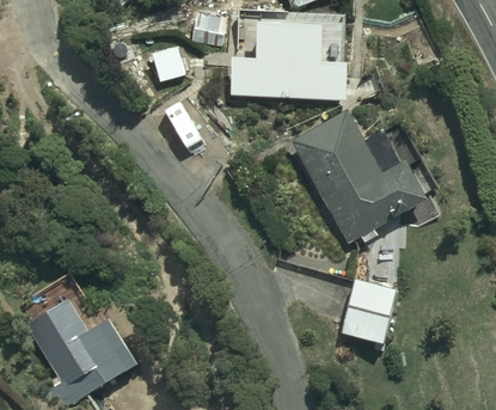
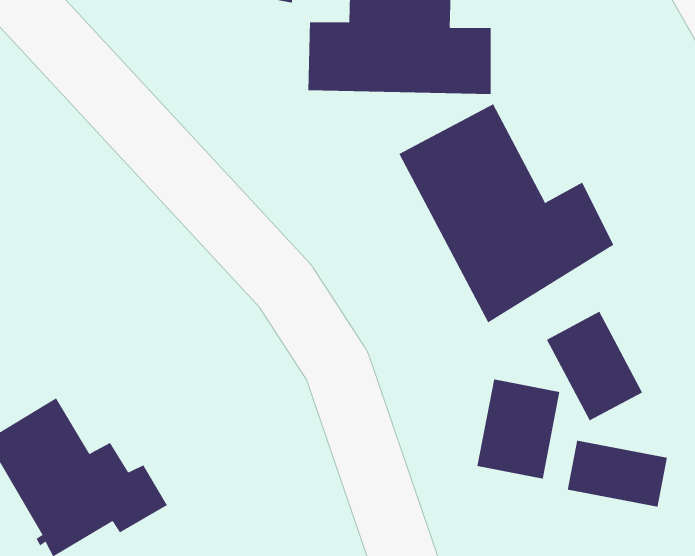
building: none -> [546,311,643,421]
building: none -> [567,440,667,508]

